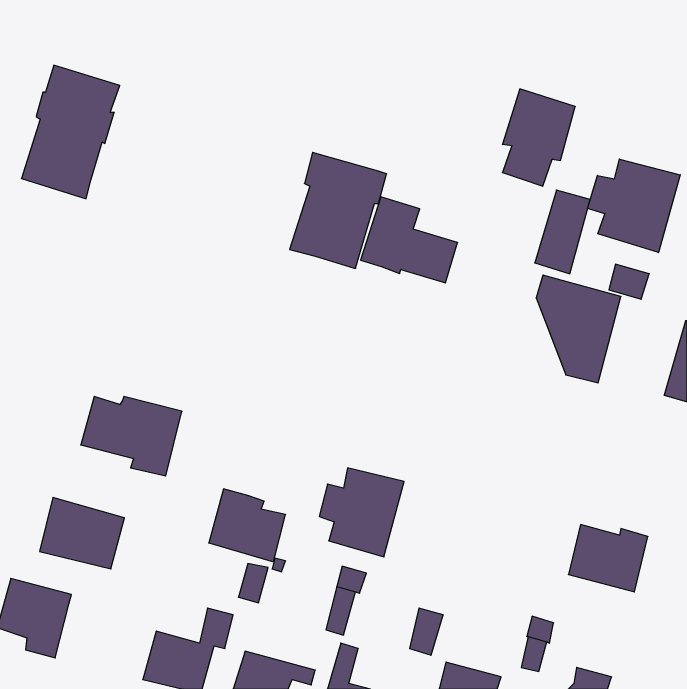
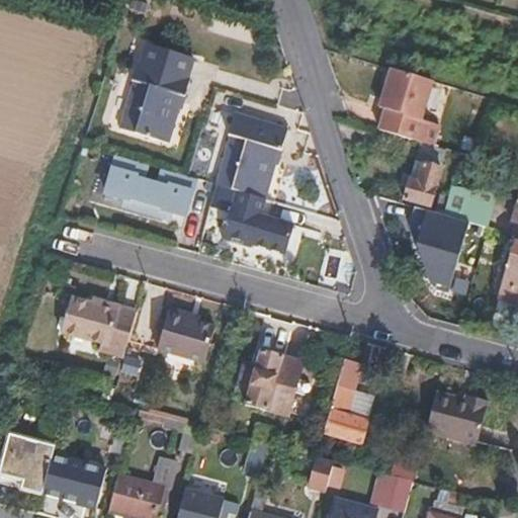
building: [21,65,120,199] -> [120,44,194,144]
building: [588,159,680,253] -> none
building: [361,197,458,283] -> [222,192,294,257]
building: none -> [105,157,196,217]
building: none -> [324,359,364,442]
building: [209,489,286,562] -> [157,308,214,362]
building: [40,497,124,569] -> [41,453,105,507]

